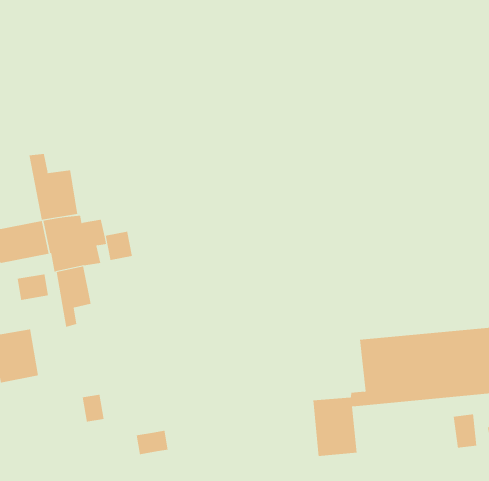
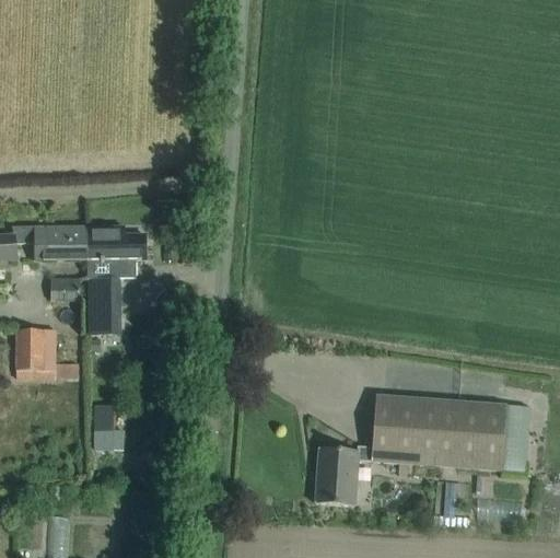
building: [29,153,78,220] -> none
building: [105,231,133,261] -> none
building: [136,430,168,455] -> [94,429,124,449]

